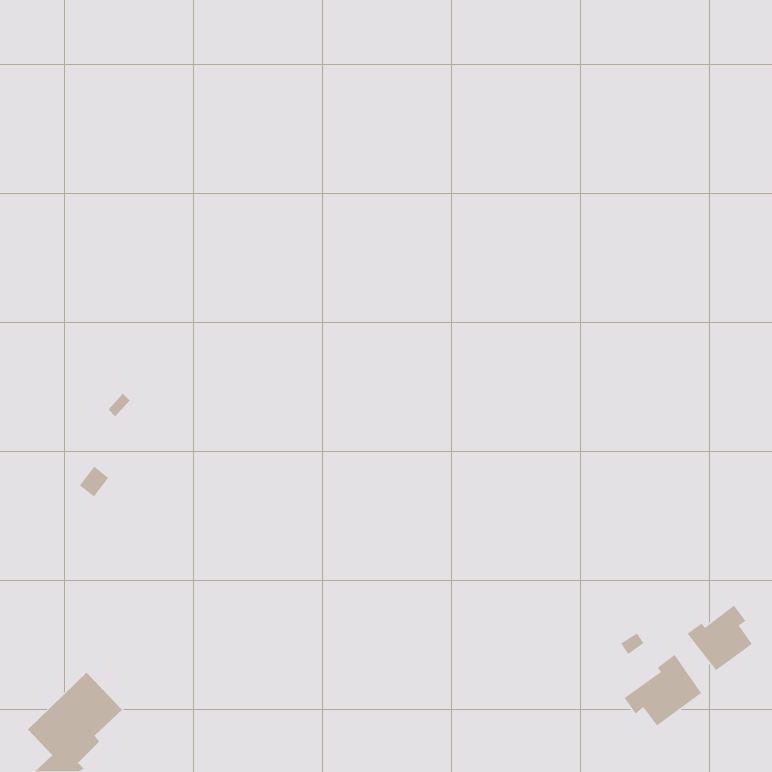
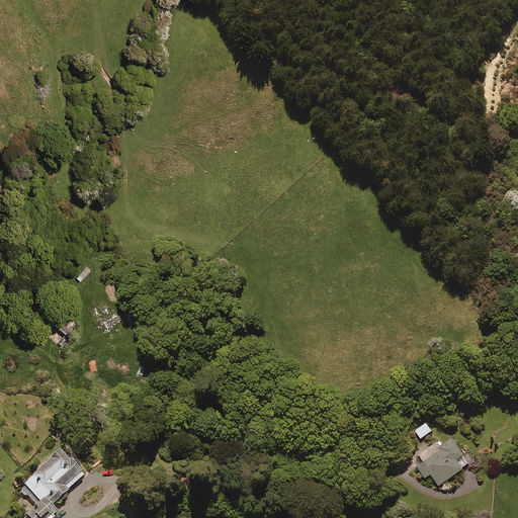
building: [687,605,753,671] -> none

